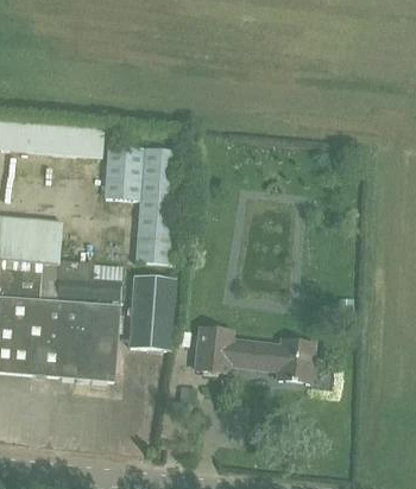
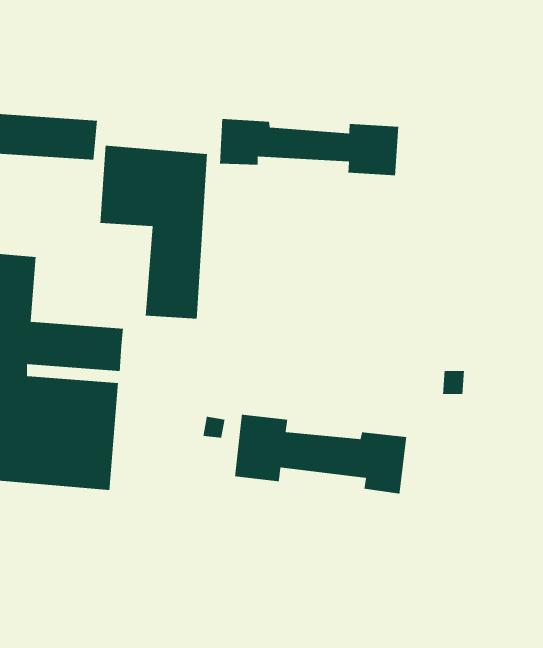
building: none -> [219,118,399,176]
building: [130,275,175,349] -> none

